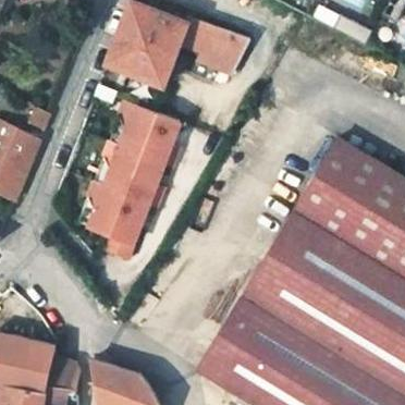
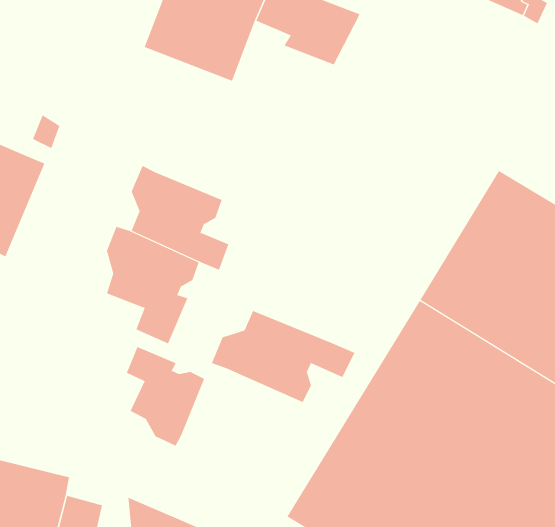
building: [113,100,177,168] -> none
building: none -> [211,310,355,403]
building: none -> [126,346,205,446]

